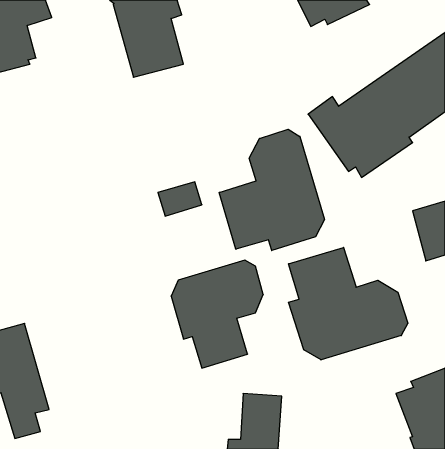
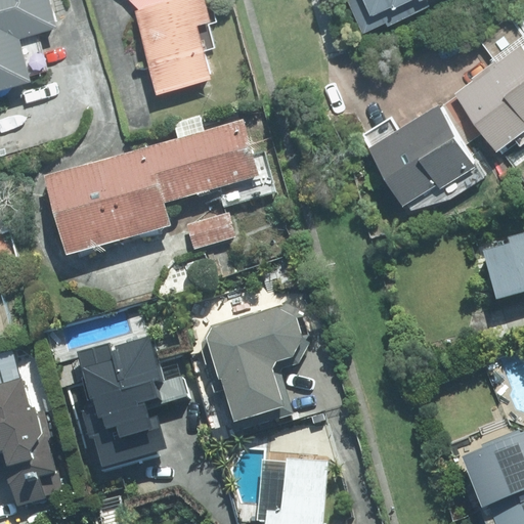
building: none -> [40,118,263,261]
building: [219,129,324,251] -> none
building: [289,247,408,360] -> none
building: none -> [76,339,189,473]

